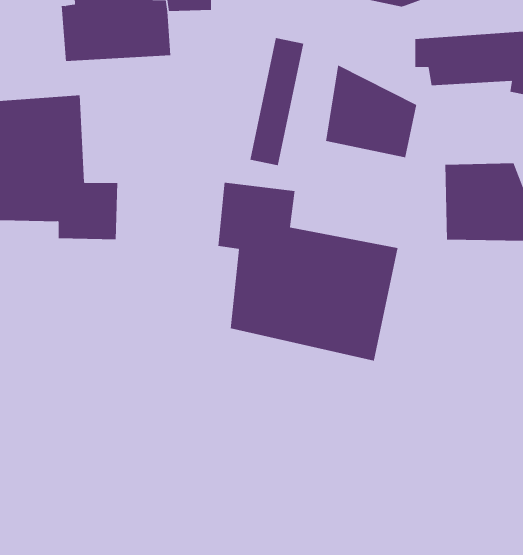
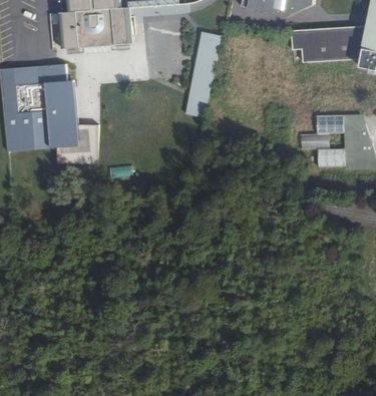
building: [325,65,417,158] -> none
building: [218,182,398,362] -> none

